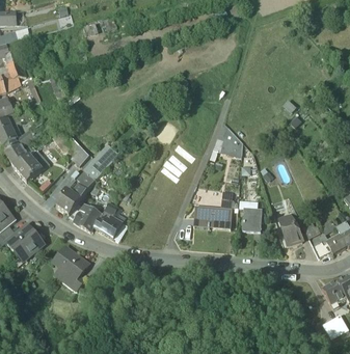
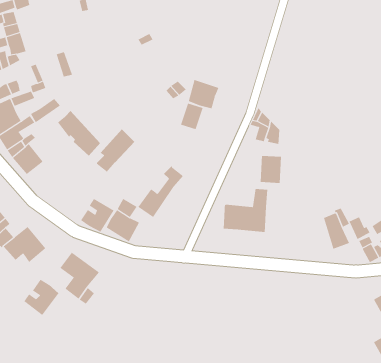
building: none -> [188,79,219,109]
building: [56,170,96,215] -> [138,165,184,218]
building: [243,209,262,233] -> [260,155,282,183]
building: none -> [24,279,59,316]

